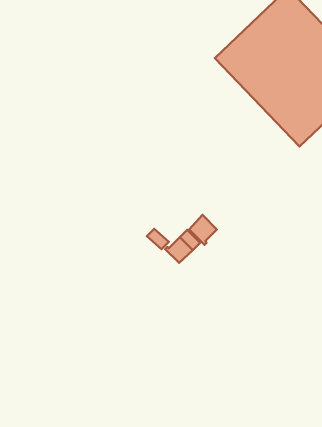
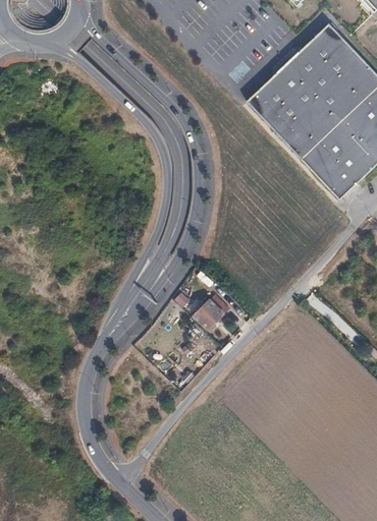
building: [189,215,217,245] -> none

